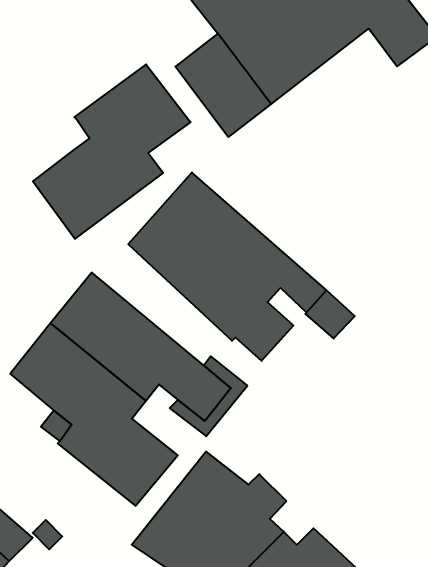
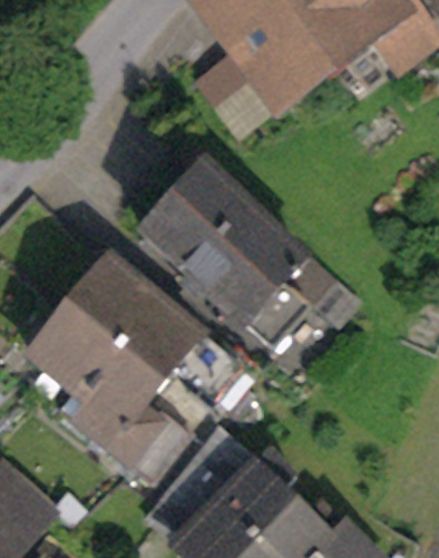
building: [33,64,191,239] -> none

